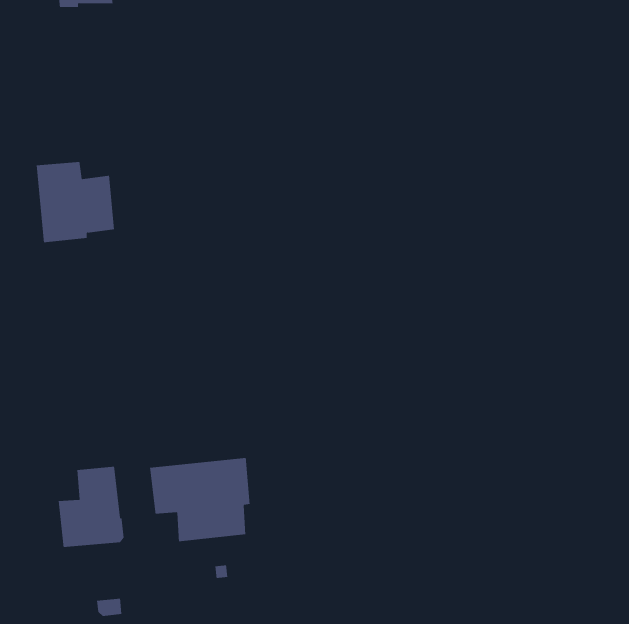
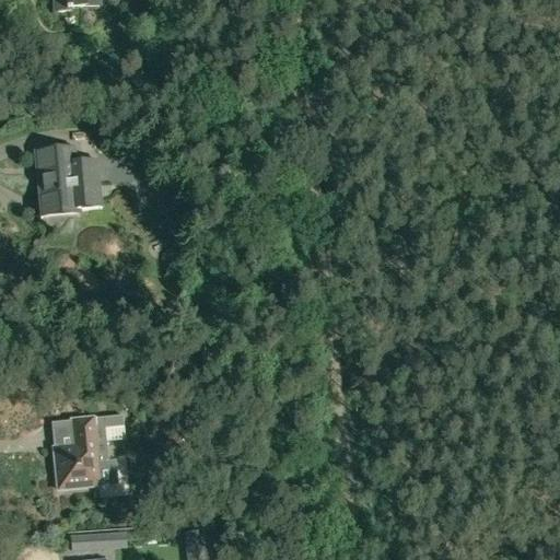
building: [150,457,250,542] -> none

